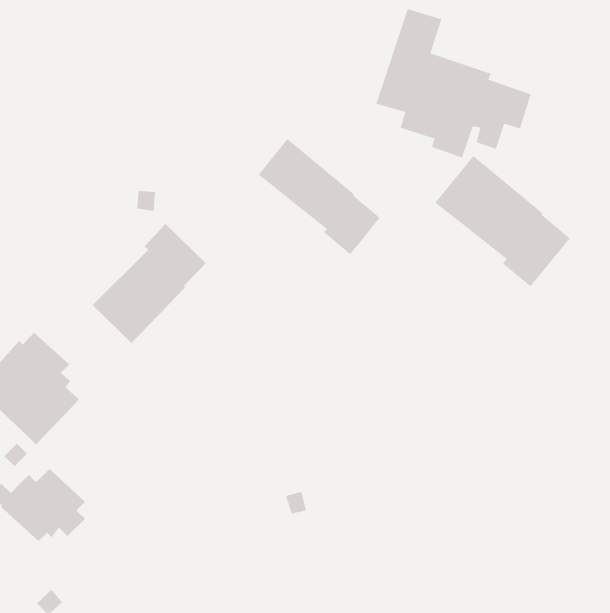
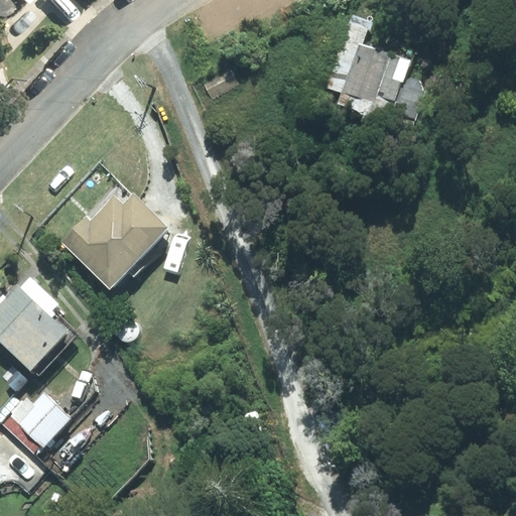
building: [258,138,381,255] -> none
building: [435,155,570,287] -> none

